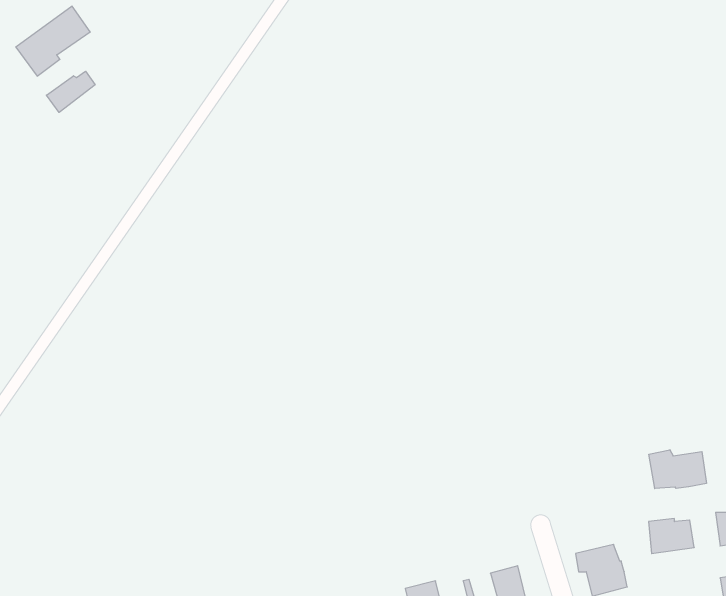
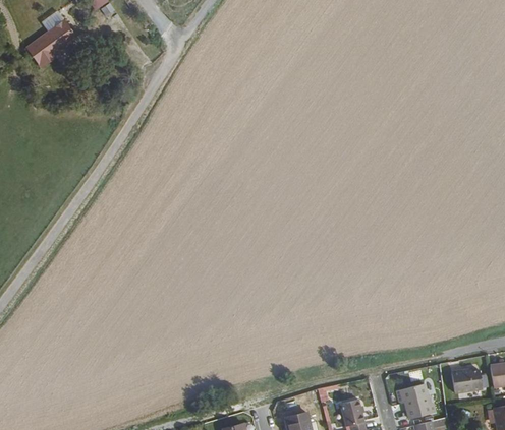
building: [46,71,95,112] -> none
building: [649,450,706,489] -> none

